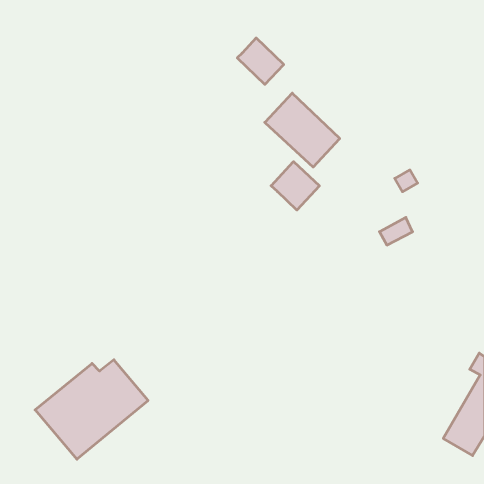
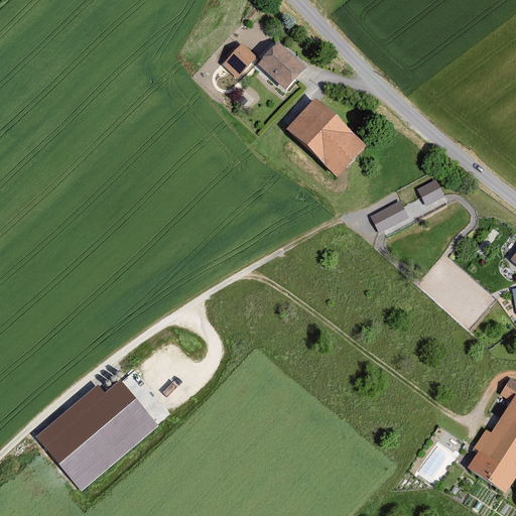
building: none -> [227,44,258,76]
building: [271,162,319,210] -> none
building: [379,217,413,245] -> [373,202,408,231]

